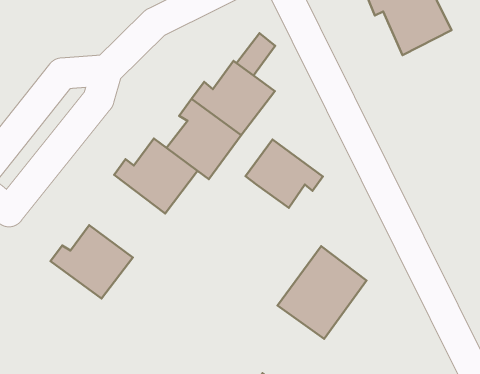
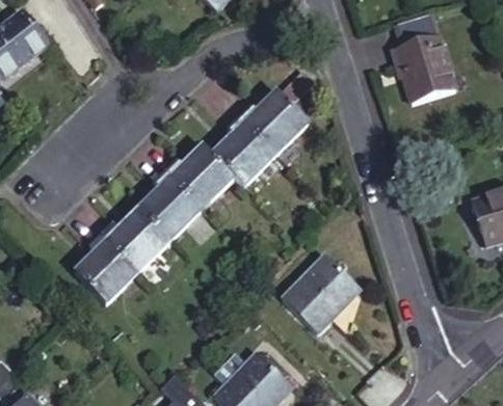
building: [245,140,323,208] -> none
building: none -> [137,169,202,240]
building: none -> [73,233,138,302]

